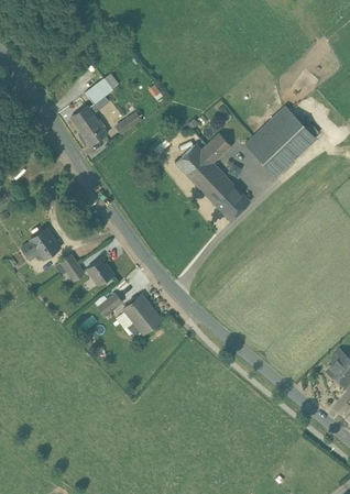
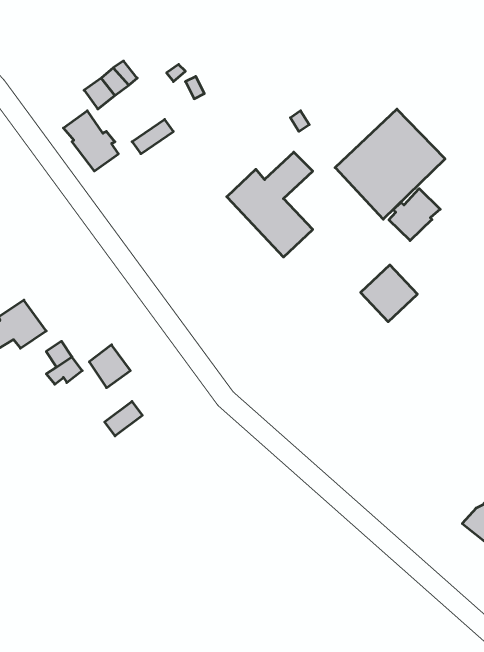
building: none -> [389,189,440,241]
building: [212,184,249,220] -> [361,265,417,322]
building: [123,295,161,334] -> none

